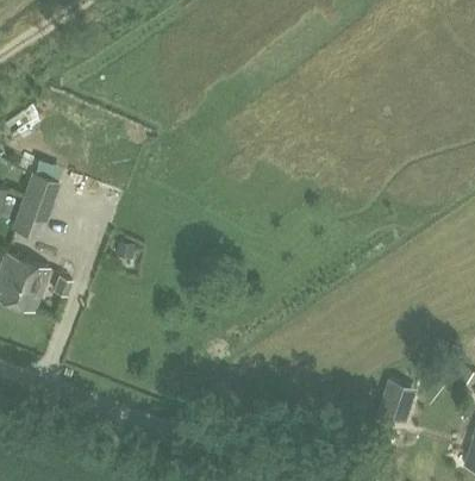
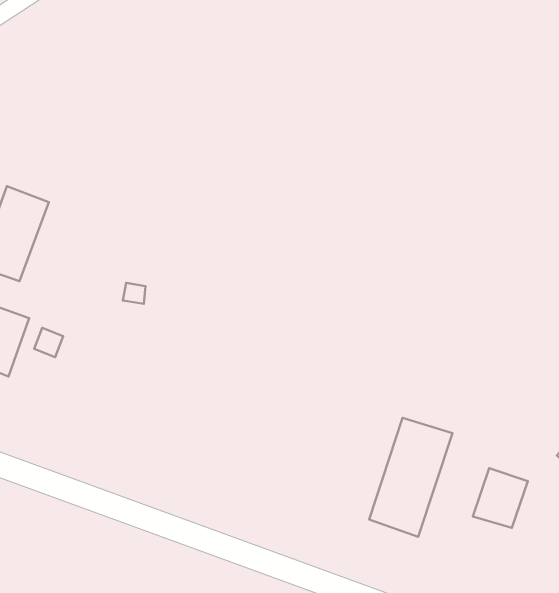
building: none -> [369,418,453,537]

